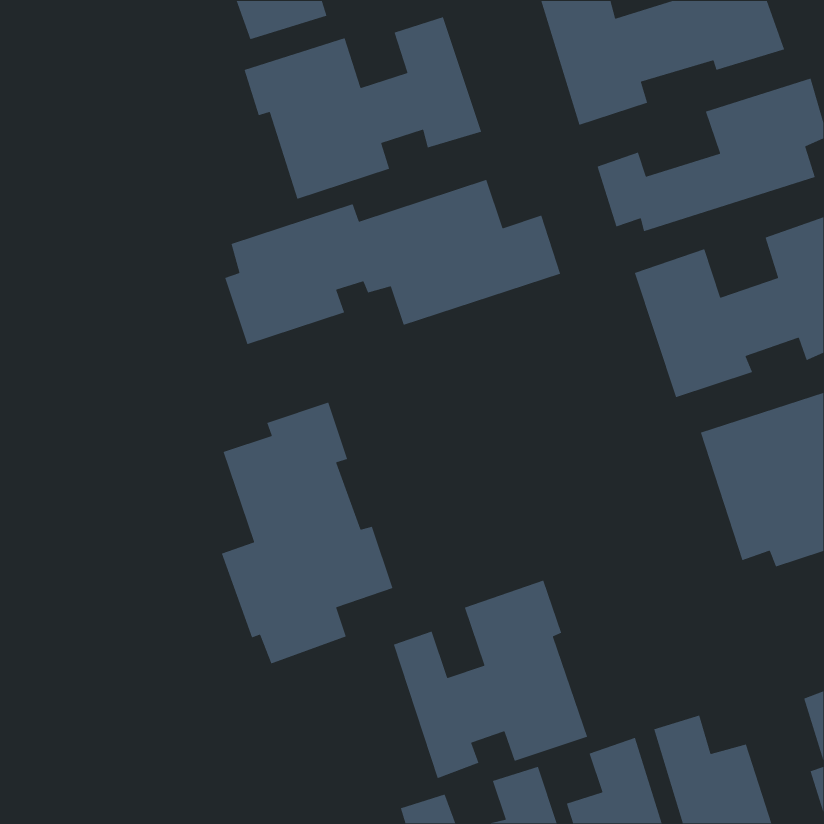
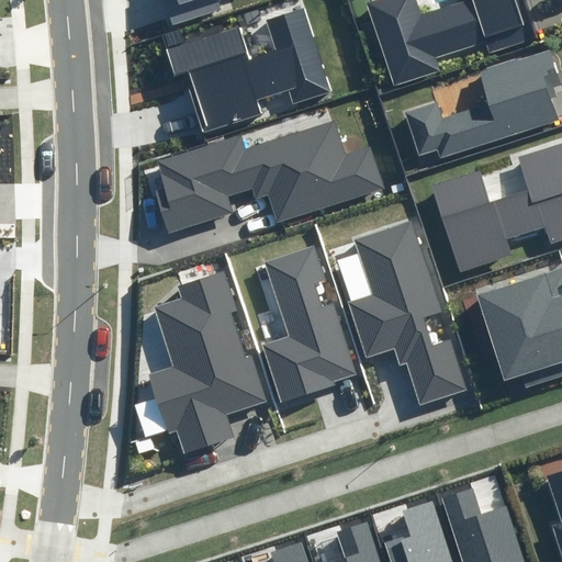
building: none -> [347,218,468,403]
building: none -> [263,248,357,403]
building: [393,579,588,779] -> none

